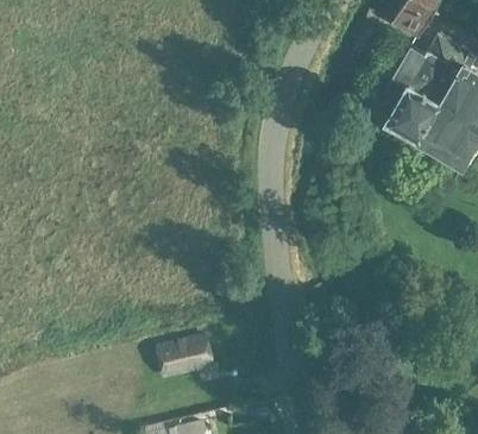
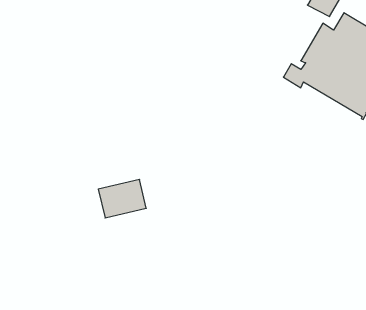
building: [155,333,214,380] -> [98,179,146,218]

